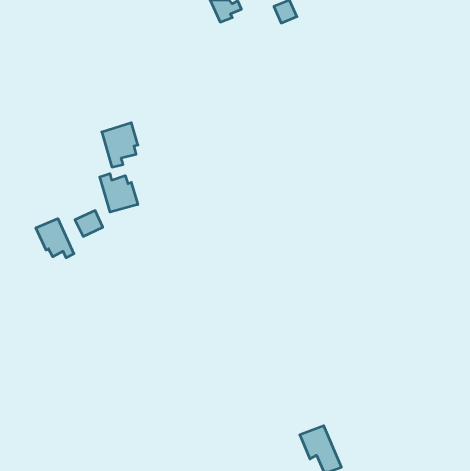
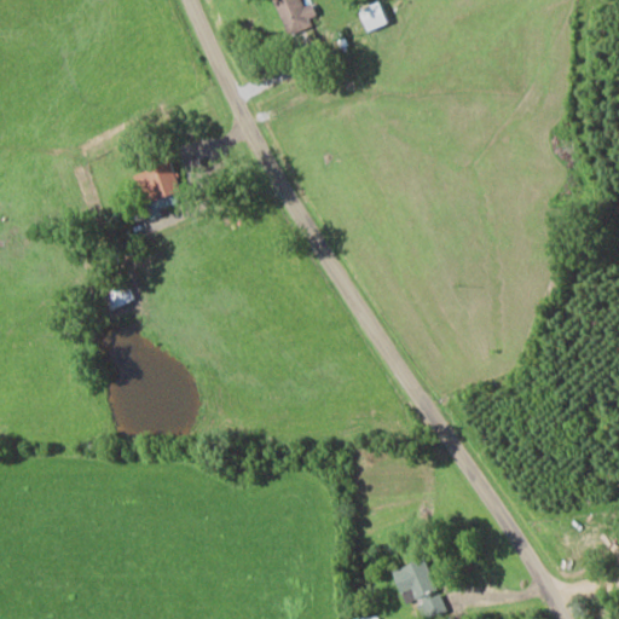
building: [100,174,138,212] -> none
building: [36,219,74,258] -> none

